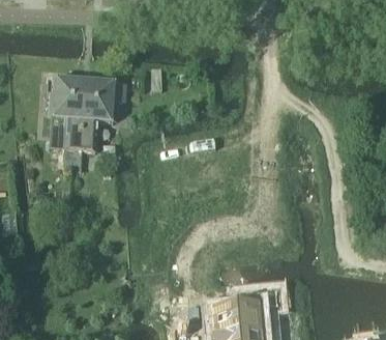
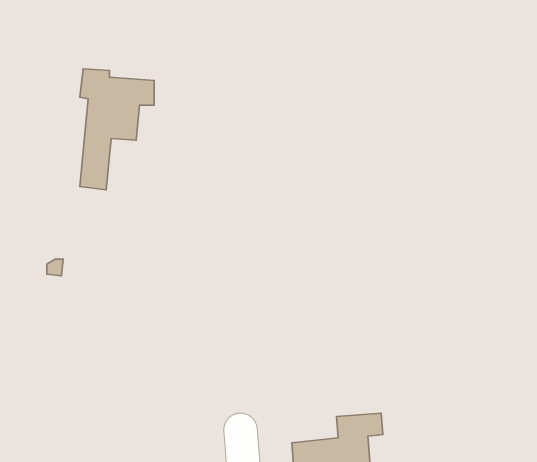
building: [48,75,85,148] -> none

